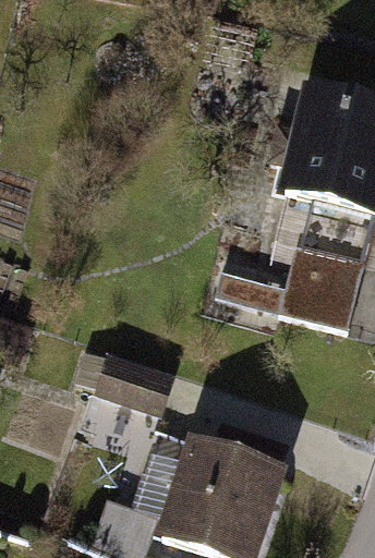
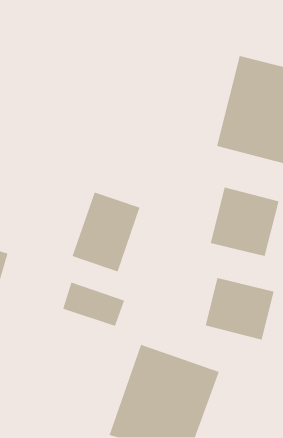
building: none -> [72,192,140,272]
building: none -> [205,277,275,341]

